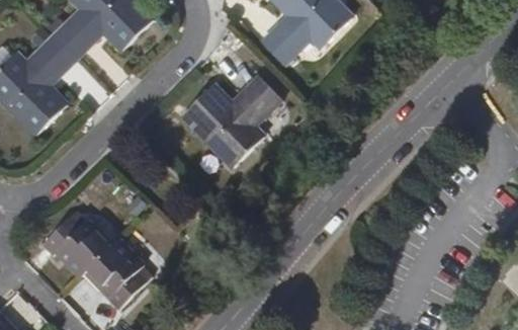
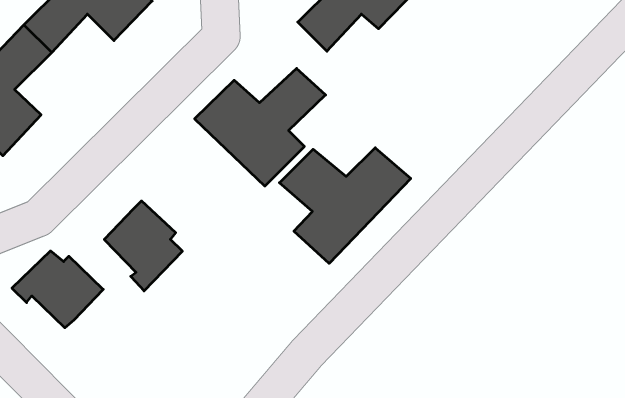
building: none -> [279,148,411,263]
building: [89,238,149,307] -> [104,201,182,291]

